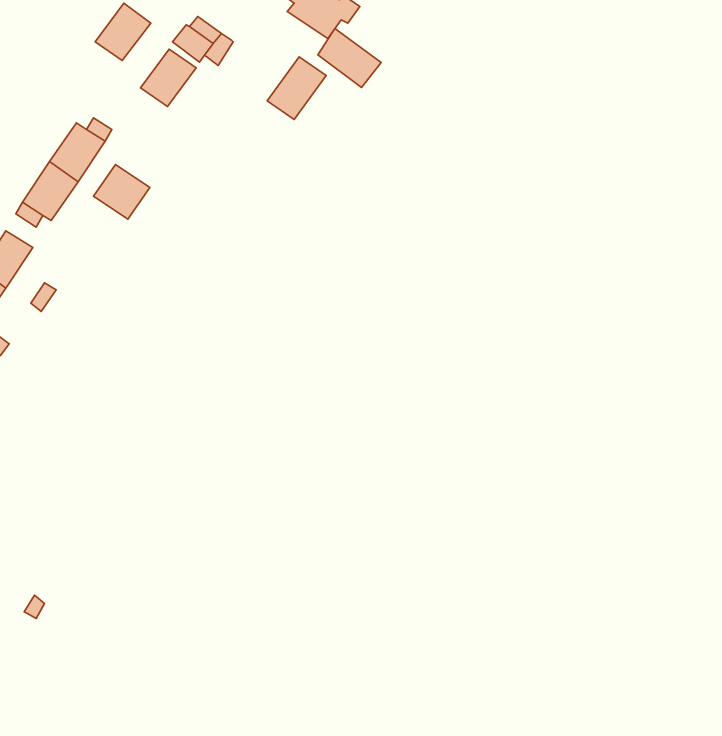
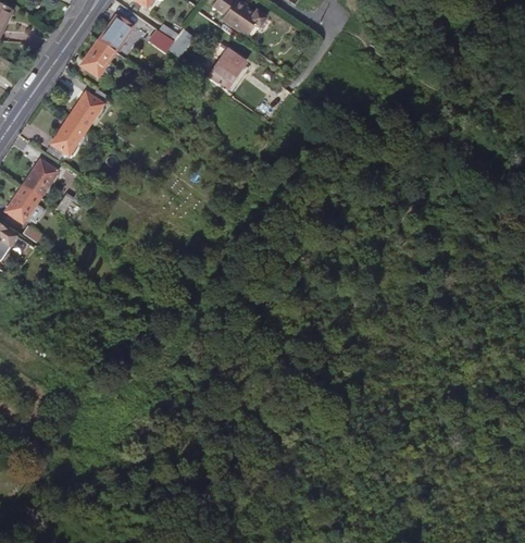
building: [318,29,381,88] -> none
building: [140,49,196,106] -> [79,39,115,76]
building: [93,165,150,219] -> none

